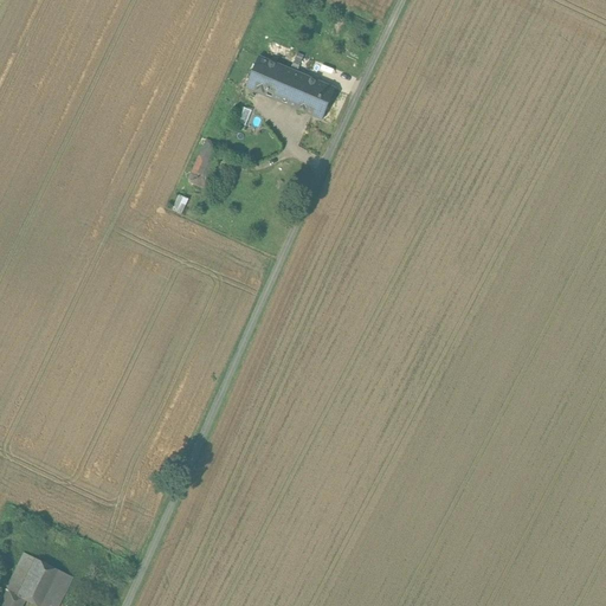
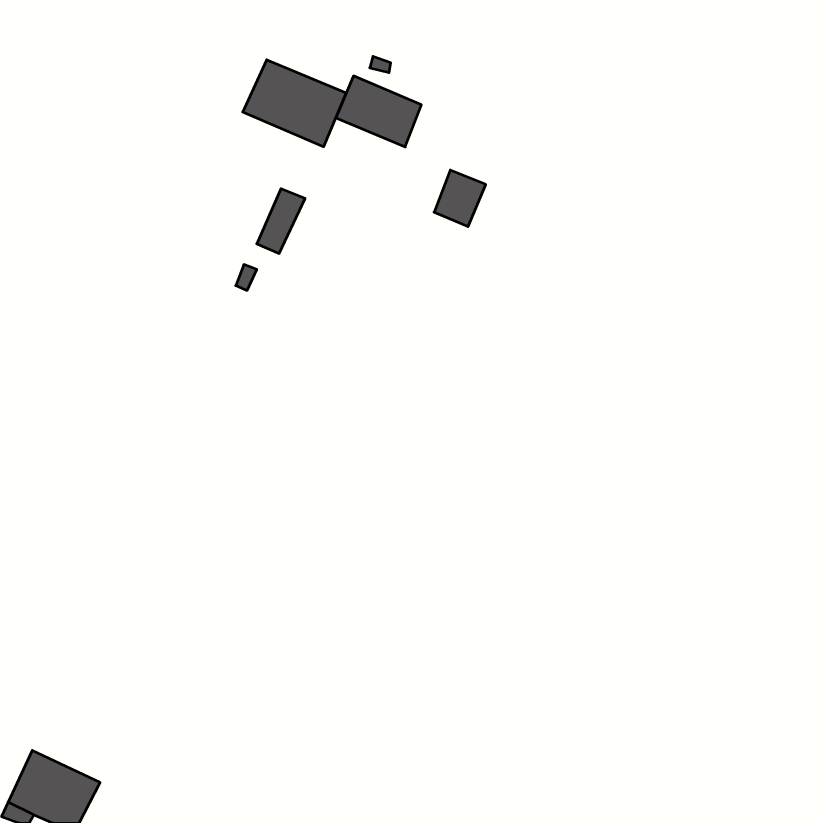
building: none -> [243,60,346,147]
building: [297,77,335,118] -> [434,170,486,227]

